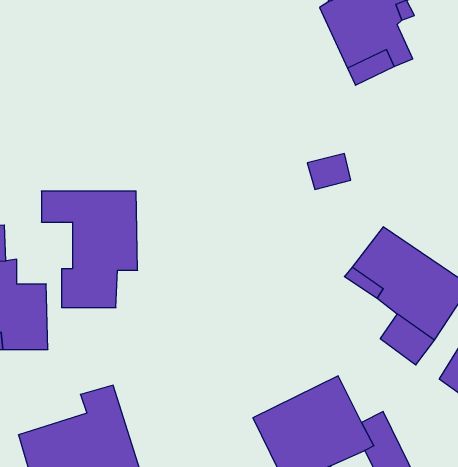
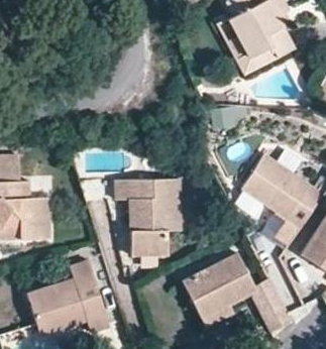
building: [41,191,138,308] -> [116,181,179,256]

